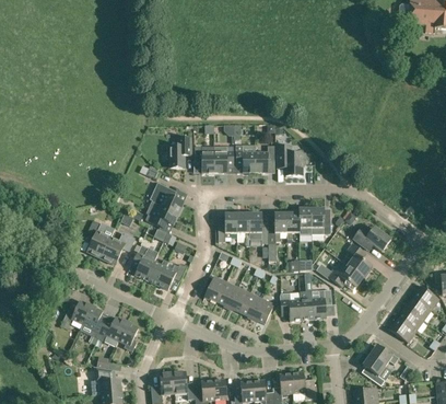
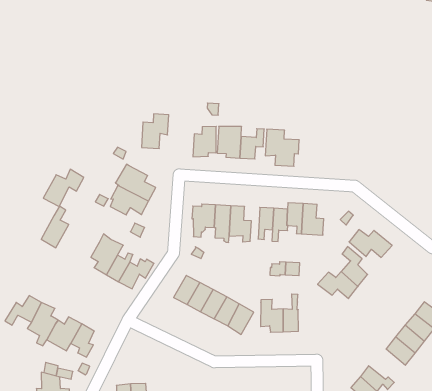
building: [195,145,214,172] -> none
building: [101,231,134,264] -> [43,169,84,207]
building: [313,288,334,318] -> none

